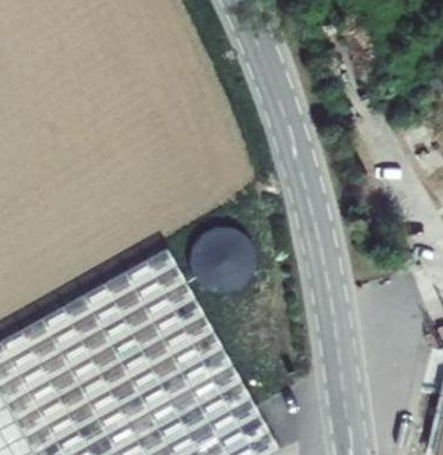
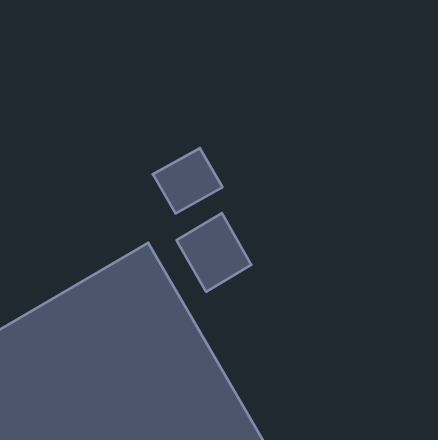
building: none -> [153,148,222,213]

